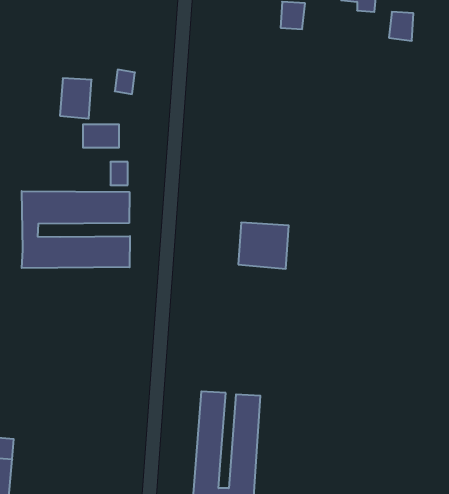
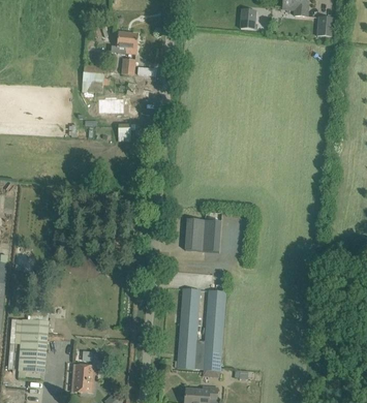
building: none -> [117,32,137,54]
building: [22,191,130,268] -> none
building: [238,223,289,269] -> [184,219,220,252]

